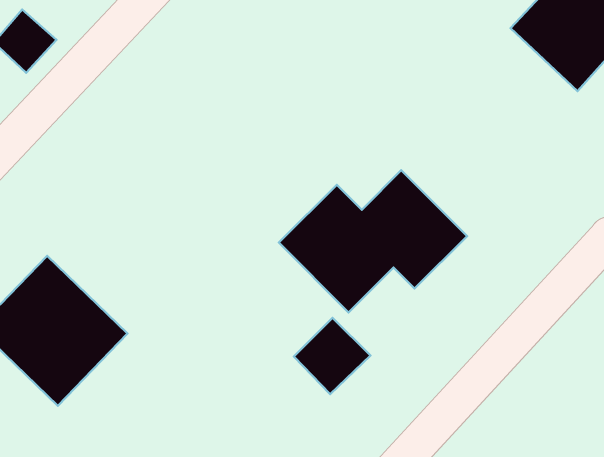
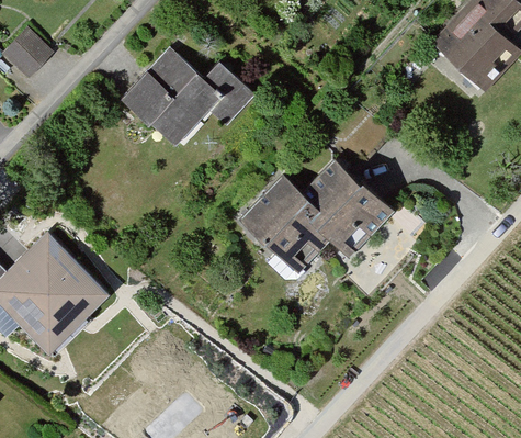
building: none -> [121,47,259,151]
building: [294,318,370,394] -> none

